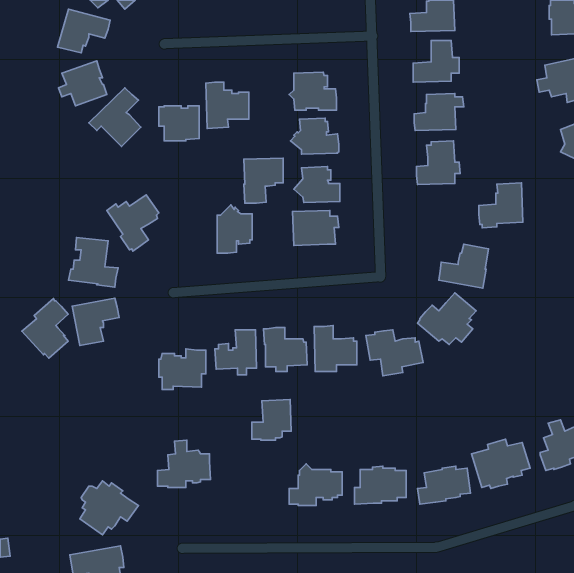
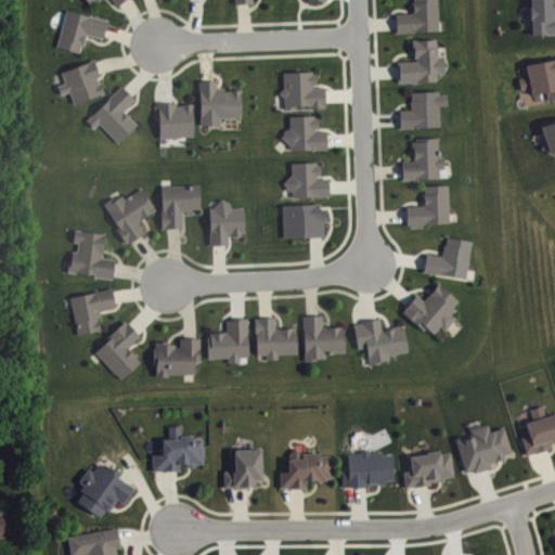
building: [244,158,283,203] -> [162,185,199,229]
building: [479,183,523,228] -> [406,185,449,229]
building: [22,298,68,358] -> [95,321,140,378]
building: [252,400,291,440] -> [224,450,262,489]

